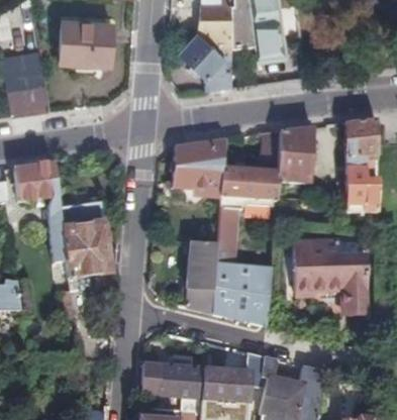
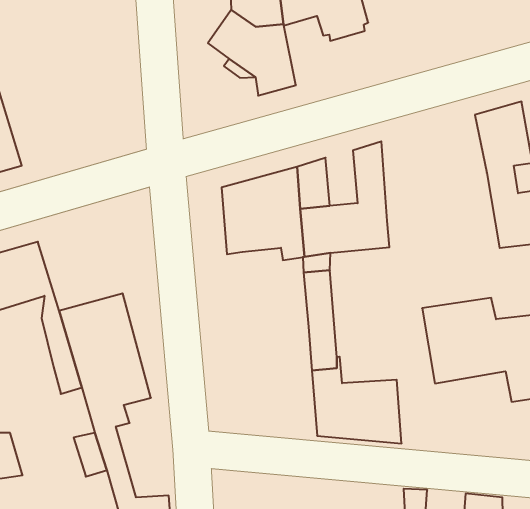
building: [60,19,112,65] -> none
building: [279,126,314,190] -> none
building: [178,241,218,313] -> none

